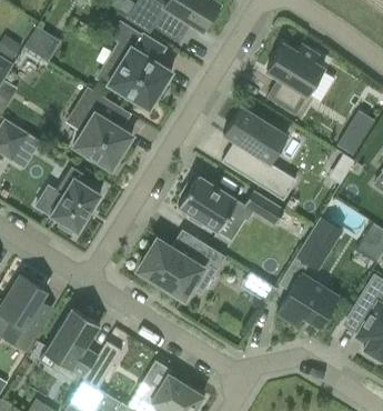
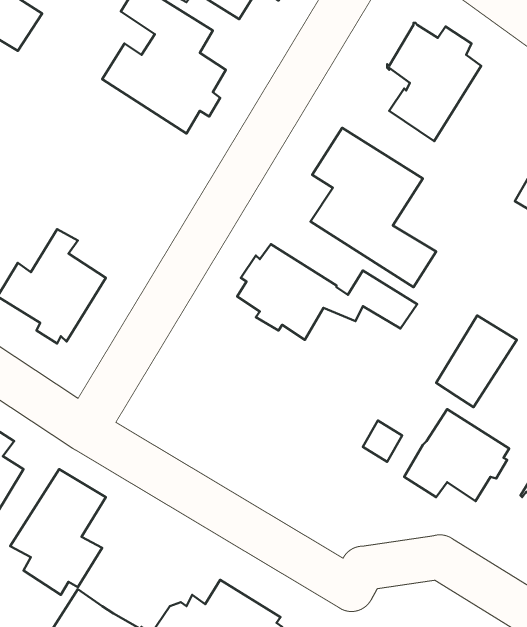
building: [67,88,132,170] -> none
building: [138,230,225,299] -> none
building: [83,342,122,390] -> none

